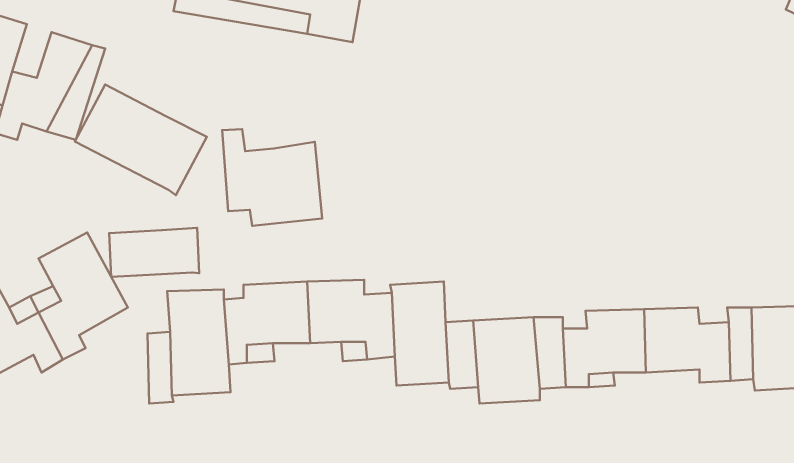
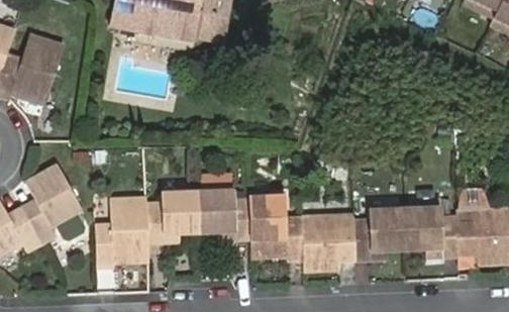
building: [75,85,207,195] -> none
building: [222,129,322,226] -> none
building: [109,228,199,277] -> none

